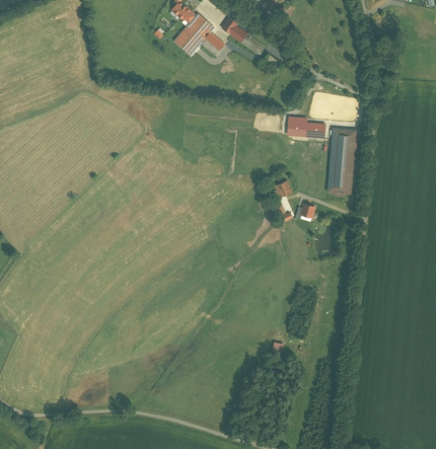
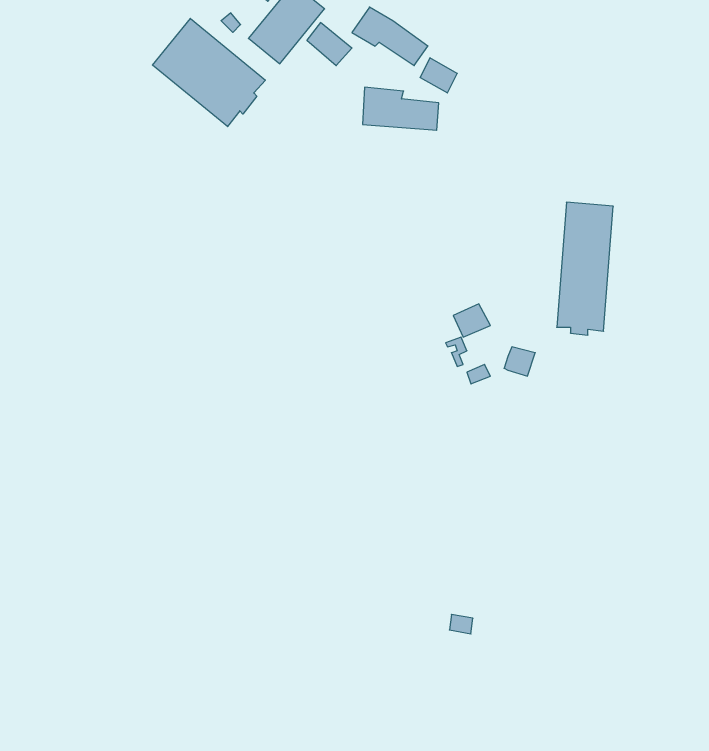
building: none -> [152,18,265,127]
building: [287,116,326,138] -> [363,87,439,130]

